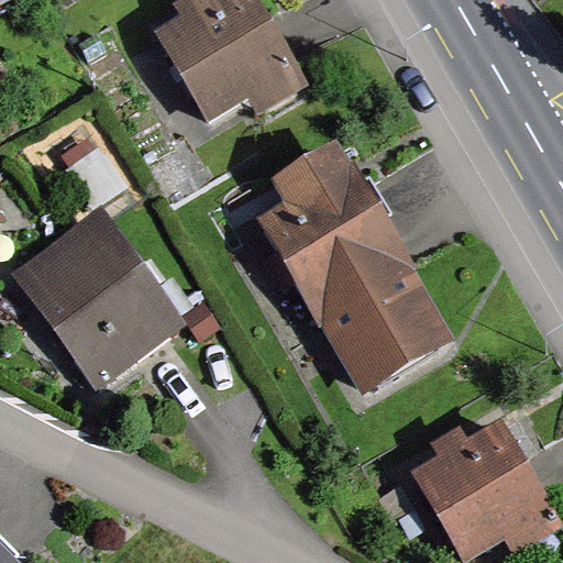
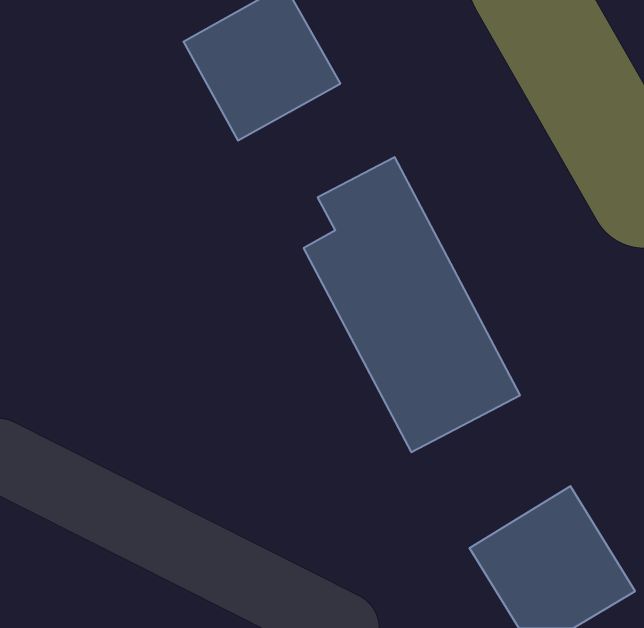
building: [20,208,179,375] -> none

